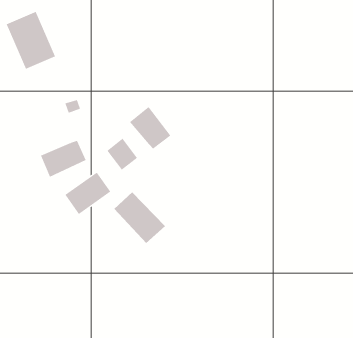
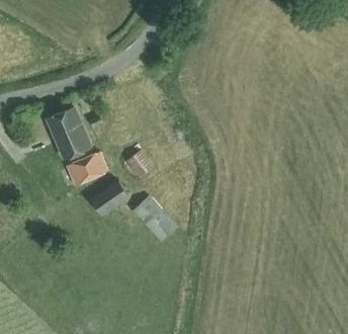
building: [6,11,56,69] -> [48,108,91,159]
building: [129,106,171,149] -> none

